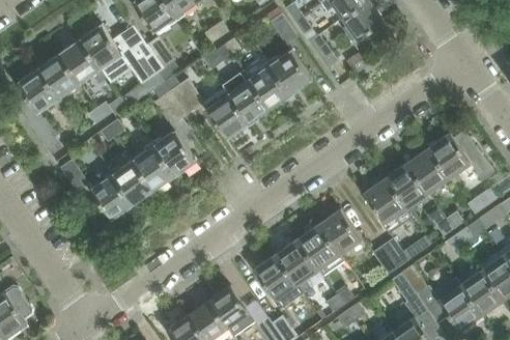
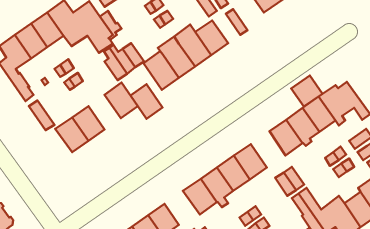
building: none -> [291,75,323,107]
building: [132,146,173,191] -> [130,84,163,119]

